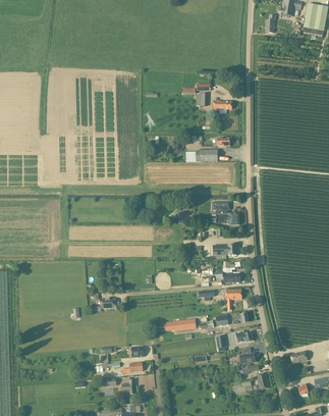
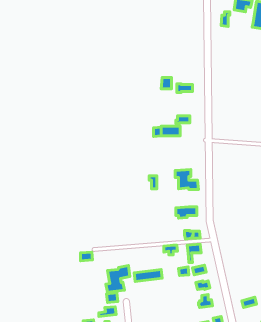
building: none -> [106,265,130,292]

